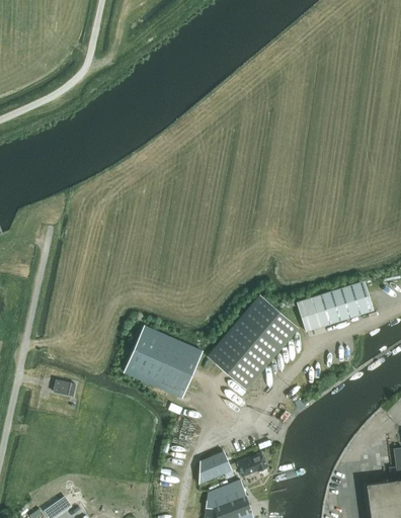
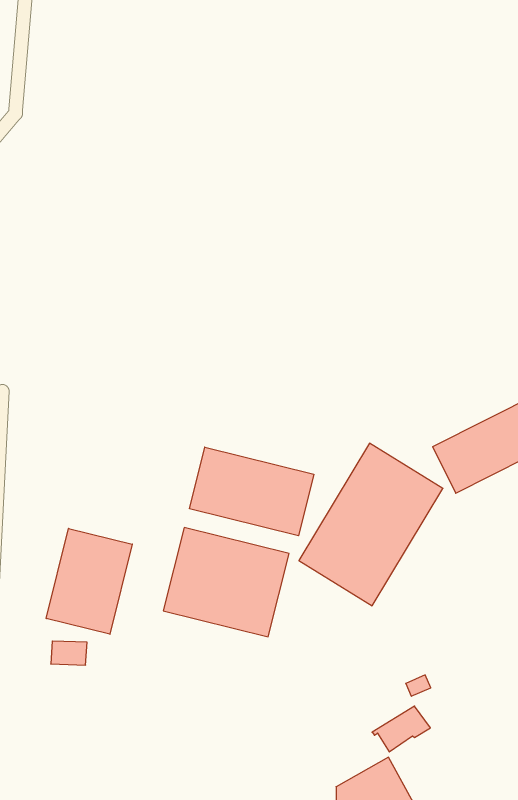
building: none -> [190,447,314,536]
building: none -> [46,528,132,634]
building: [198,450,232,484] -> none

